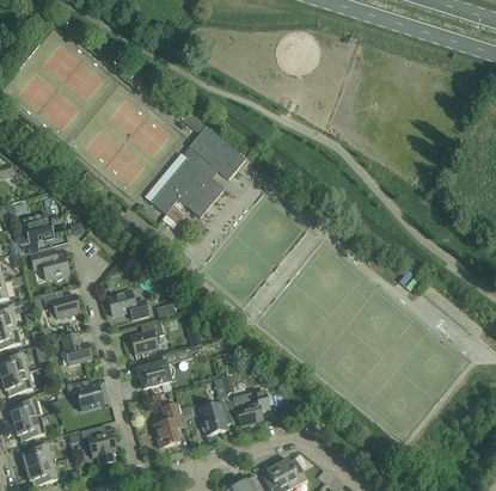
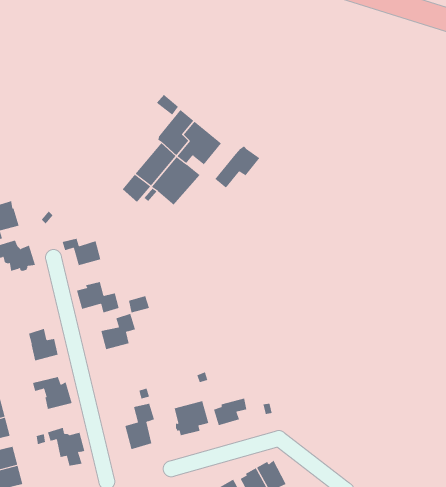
building: none -> [214,145,260,189]
building: [41,290,78,317] -> [62,238,101,266]
building: [137,355,173,387] -> none

